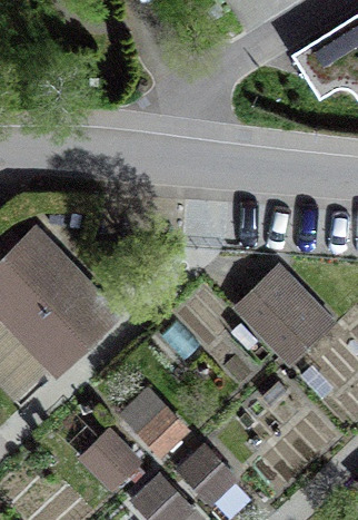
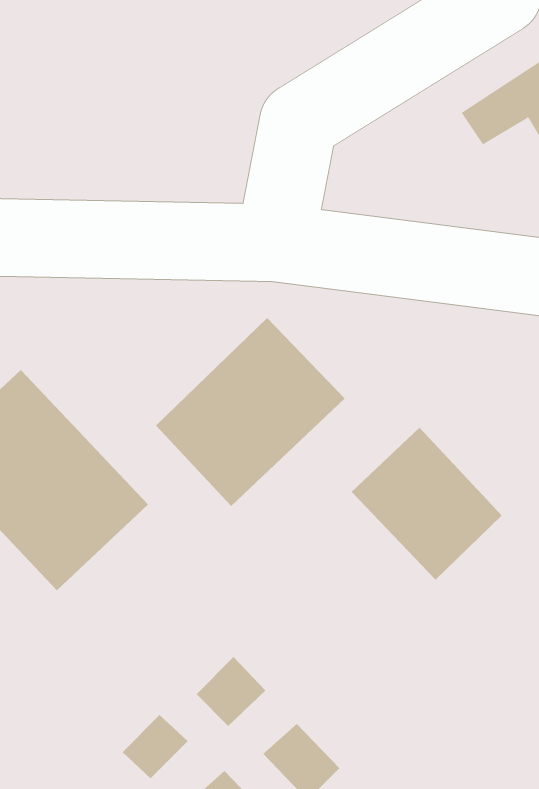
building: none -> [155,317,345,507]

